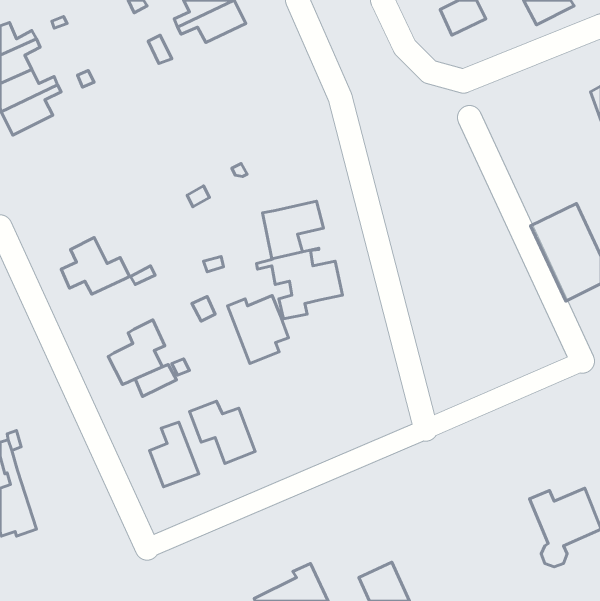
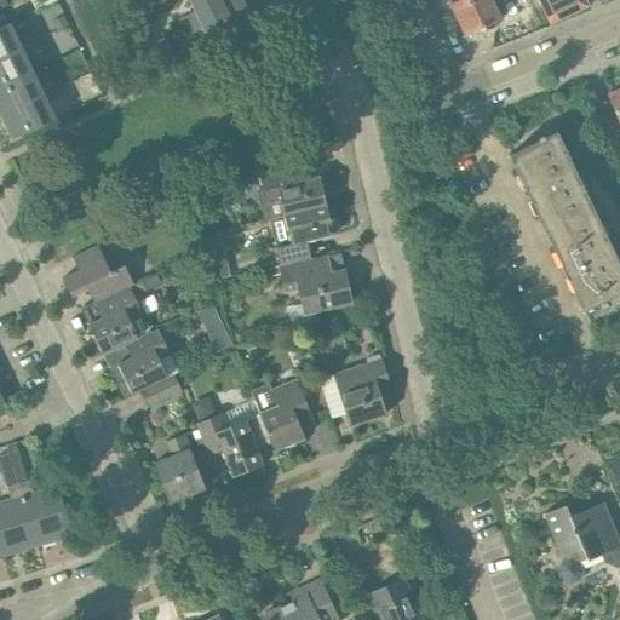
building: none -> [510,132,595,232]
building: none -> [260,165,327,217]
building: none -> [87,287,151,355]
building: [227,295,289,364] -> [252,379,315,449]
building: none -> [334,360,391,425]
building: none -> [19,481,74,545]

